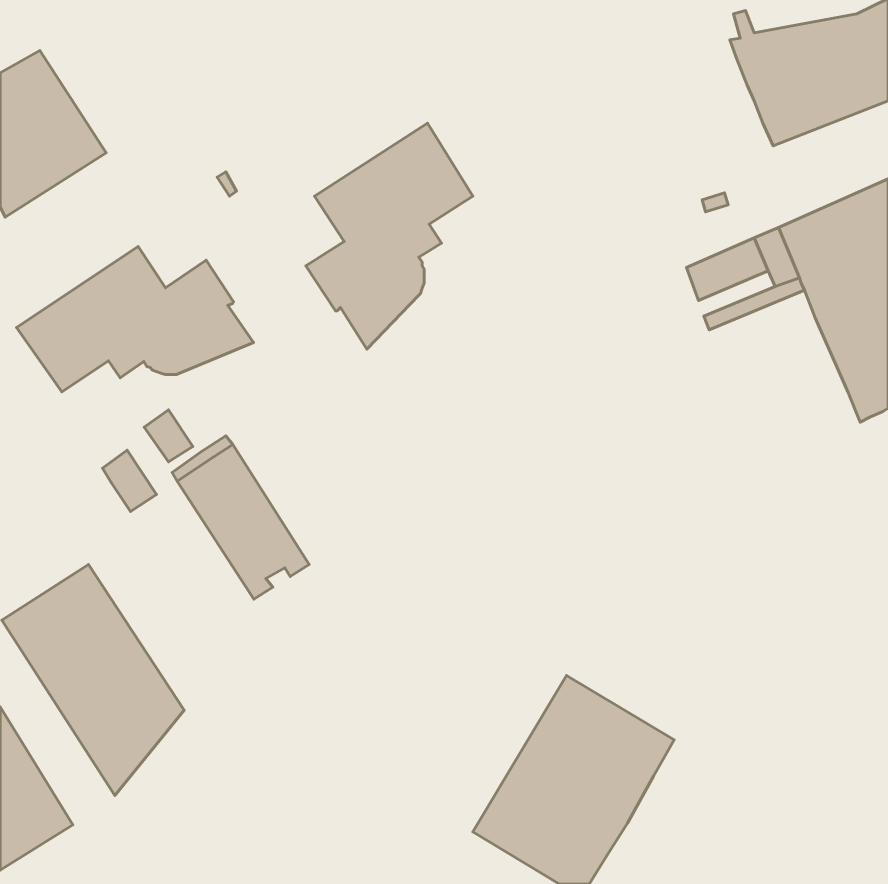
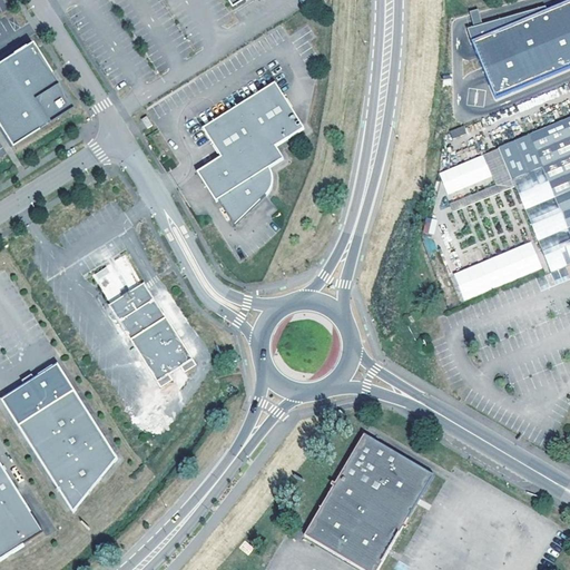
building: [17,246,253,392] -> none
building: none -> [453,239,543,299]
building: [102,450,157,512] -> none

